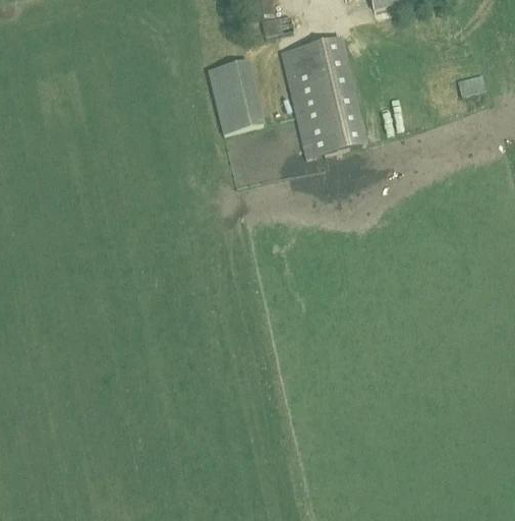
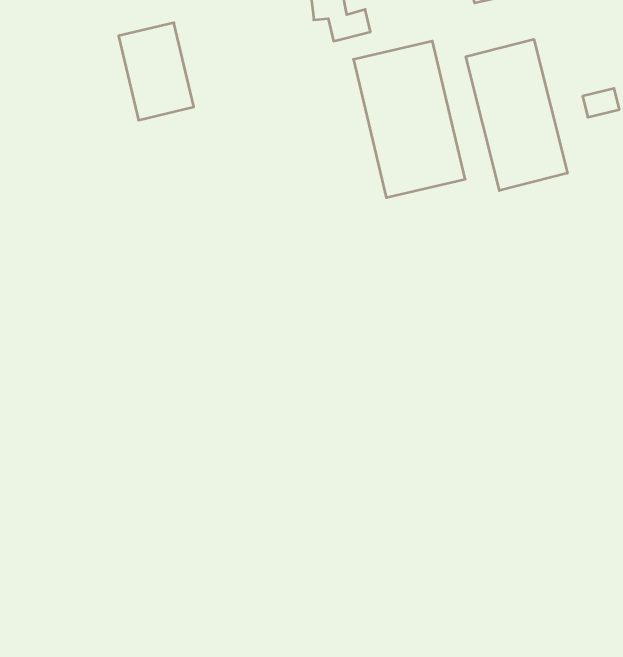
building: none -> [466,39,567,191]
building: [207,58,265,133] -> [119,23,194,120]

